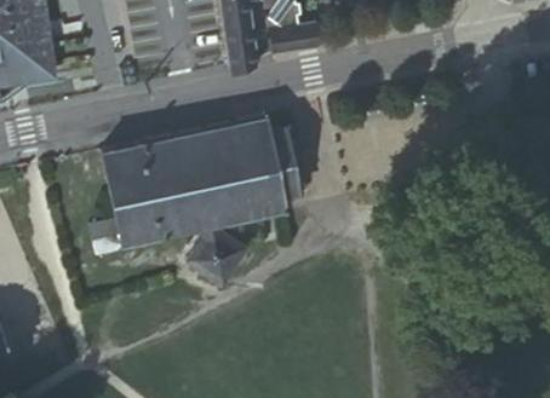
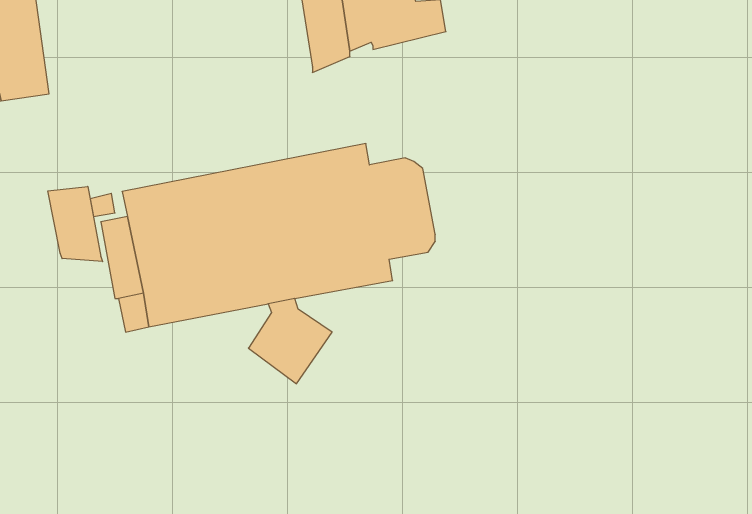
building: none -> [48,186,103,262]

